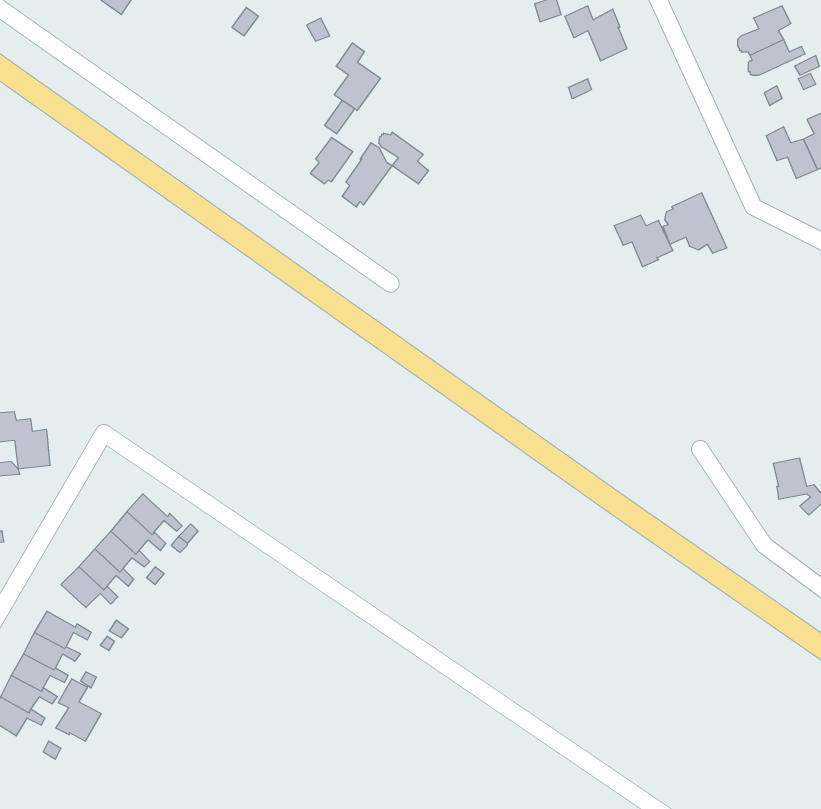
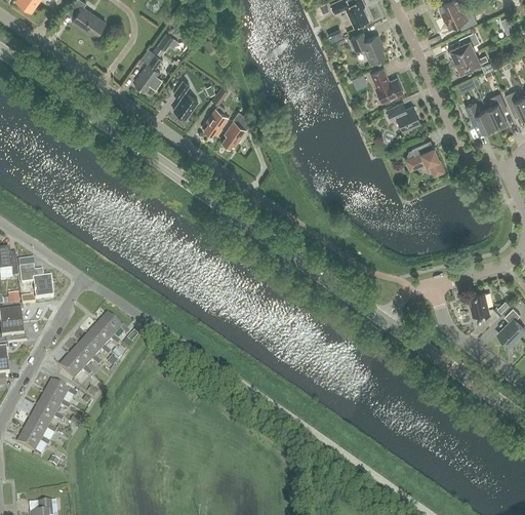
building: none -> [133,49,161,92]
building: [334,43,381,111] -> [171,81,198,120]
building: none -> [369,69,403,104]
building: [379,132,429,184] -> none
building: [614,215,673,267] -> [386,104,419,133]
building: [56,679,101,741] -> none

